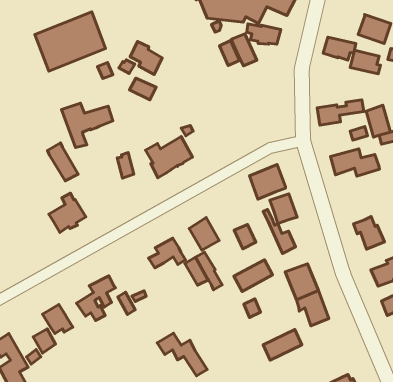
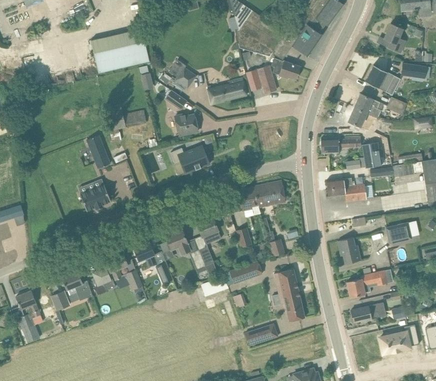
building: [323,37,356,60] -> [348,108,377,130]
building: none -> [207,78,247,104]
building: none -> [175,114,198,136]
building: [270,194,297,224] -> [238,187,259,211]
building: [157,333,207,376] -> [134,243,173,282]

